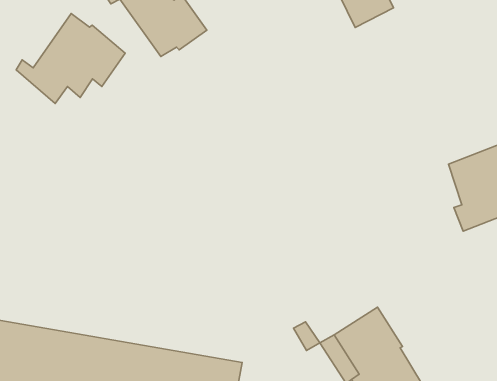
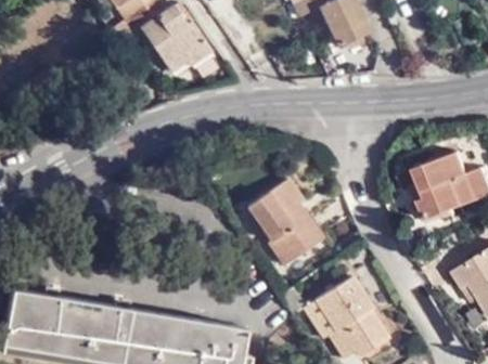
building: [16,14,125,104] -> none
building: none -> [253,183,318,265]

